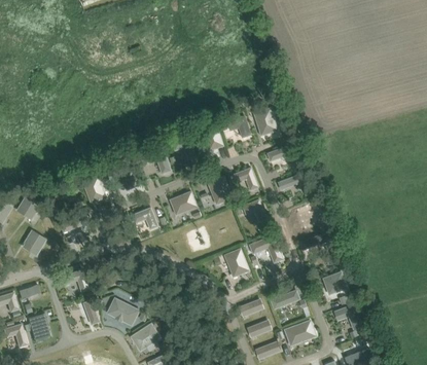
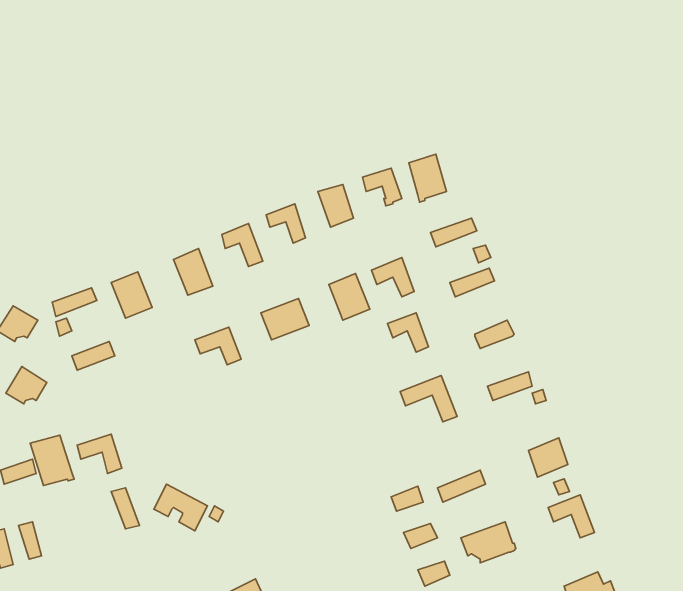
building: [224,249,248,278] -> none
building: none -> [30,435,74,485]
building: [131,324,159,351] -> none

